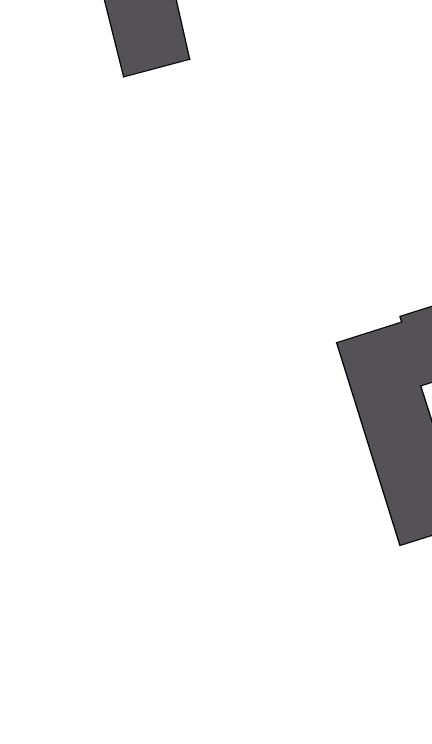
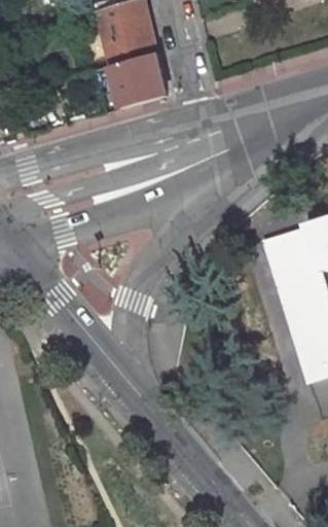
building: none -> [111,46,168,103]

